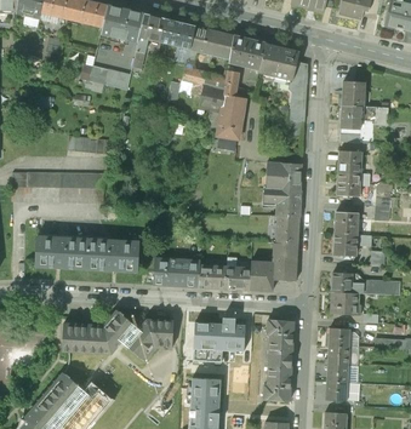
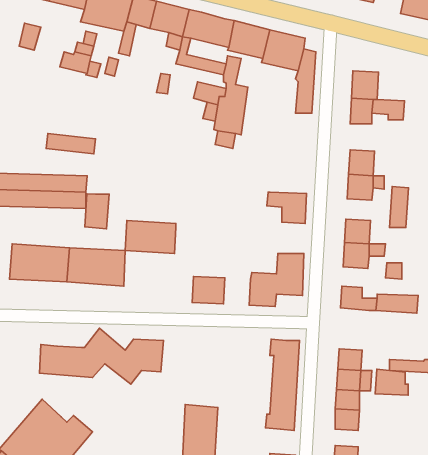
building: [267,161,301,189] -> none
building: none -> [85,194,109,229]
building: [276,215,298,242] -> none
building: [154,257,199,286] -> [125,221,176,253]
building: [226,264,250,288] -> none
building: [329,291,358,314] -> [375,369,408,395]
building: [193,318,245,362] -> none

